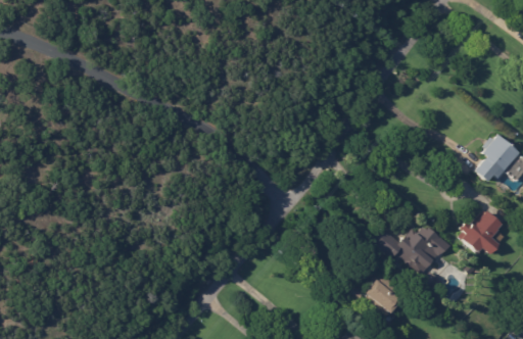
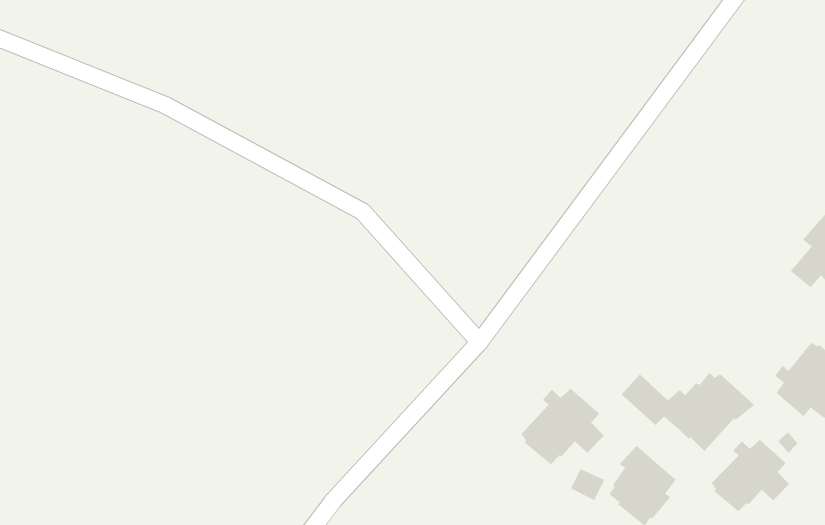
building: none -> [521,388,605,465]
building: none -> [711,439,790,512]

